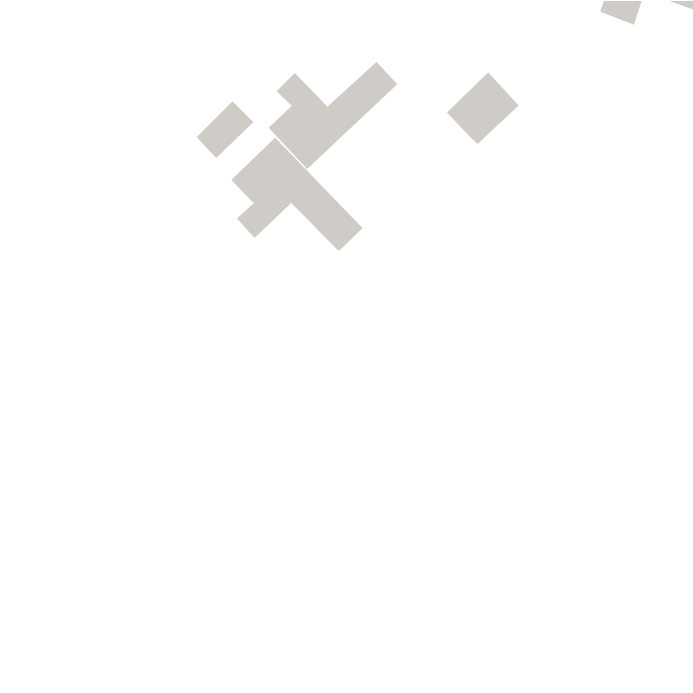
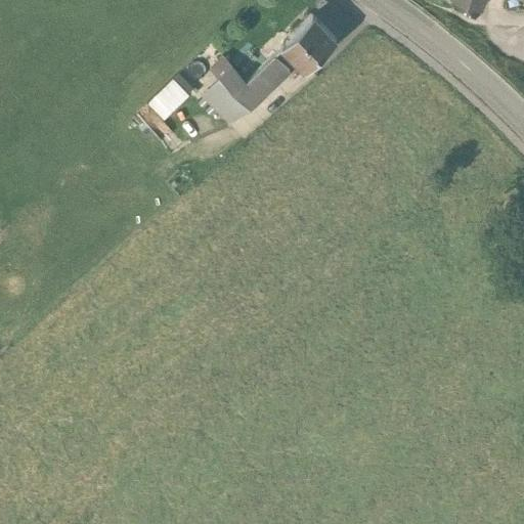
building: [446,72,520,145] -> [285,16,340,72]
building: [231,137,363,252] -> none

